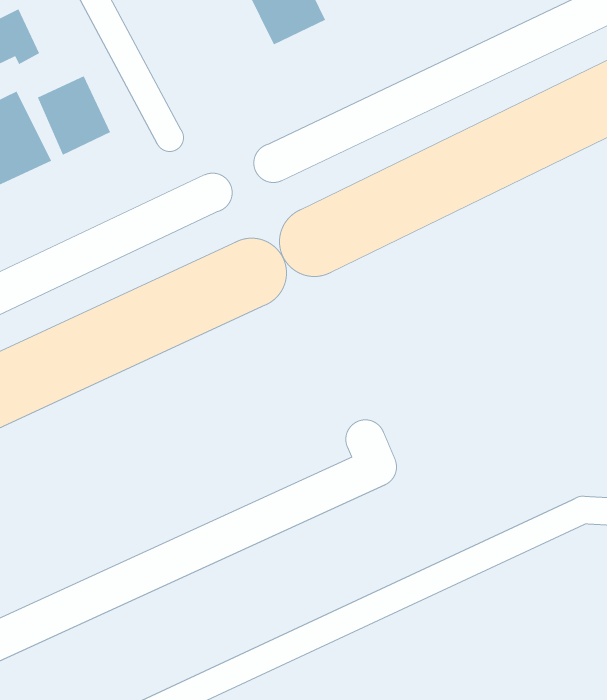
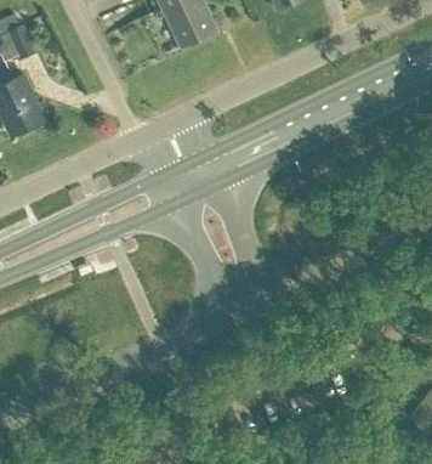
building: [37,75,111,156] -> none

